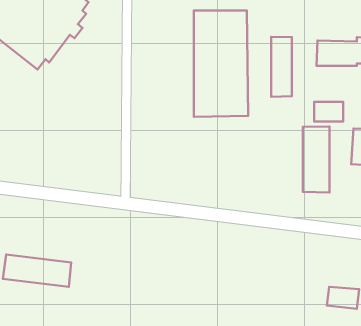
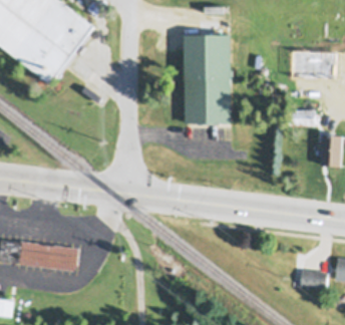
building: [271,37,292,97] -> none
building: [303,126,330,193] -> none

